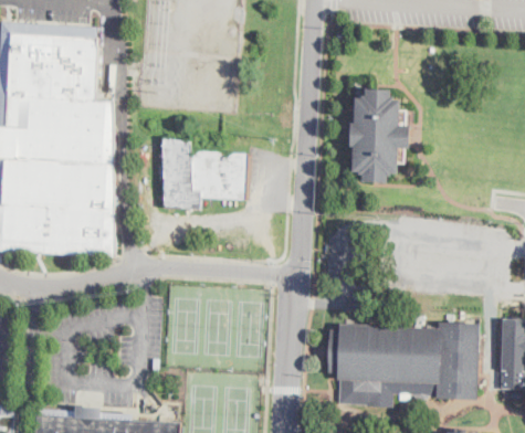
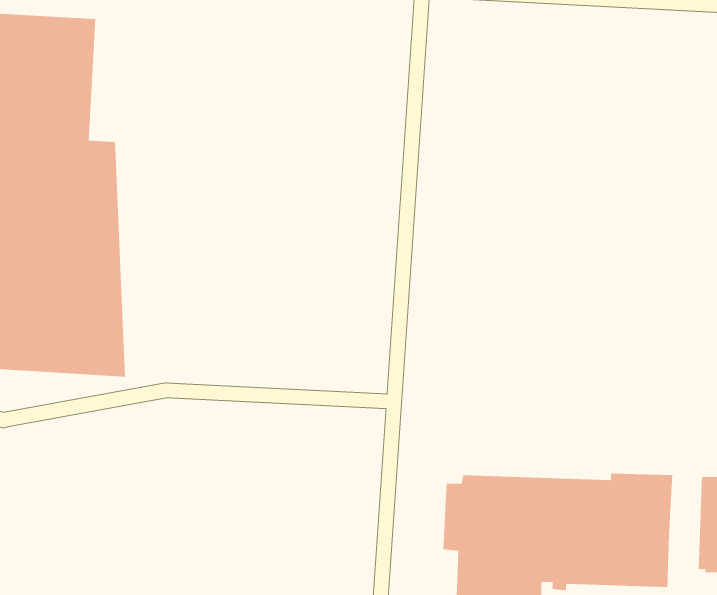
building: [346,87,407,181] -> none
building: [162,137,252,209] -> none

